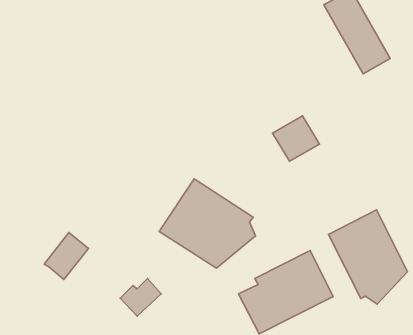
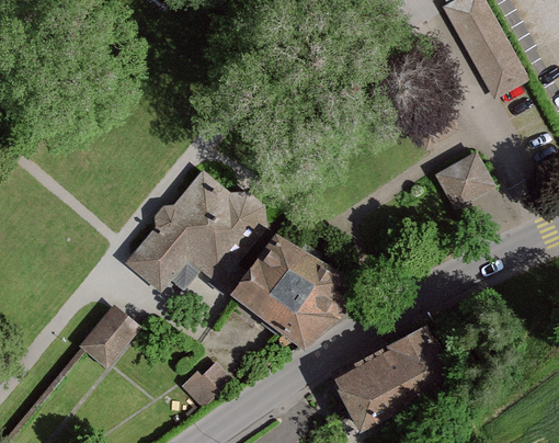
building: [273,116,319,161] -> [437,152,498,211]
building: none -> [125,170,263,292]
building: [328,210,407,304] -> none

